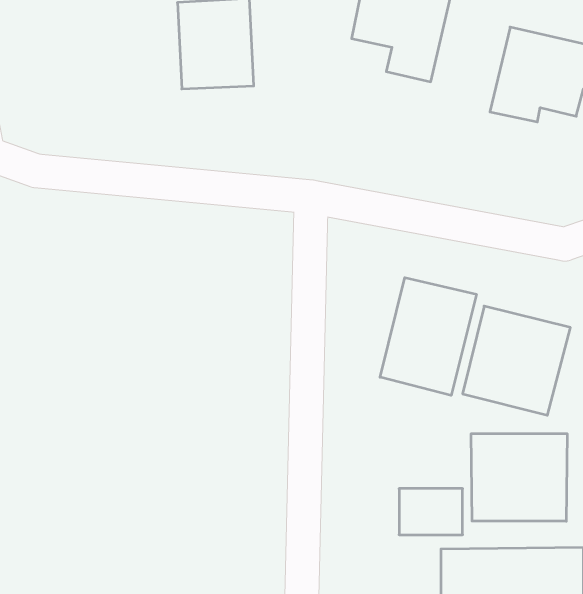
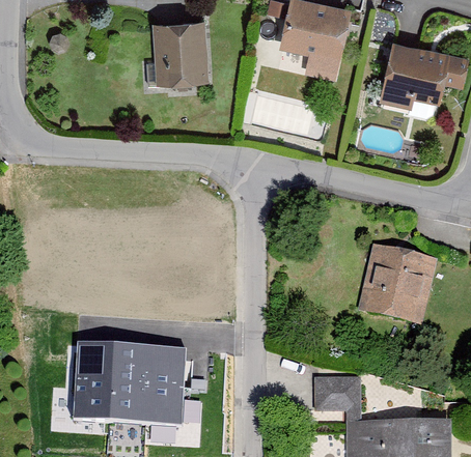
building: [380,278,476,395] -> none
building: [471,434,567,521] -> none
building: none -> [73,339,186,424]

